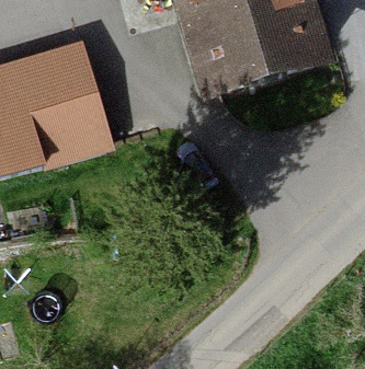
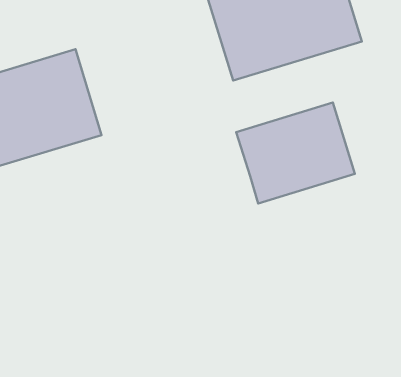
building: none -> [236,103,355,204]

